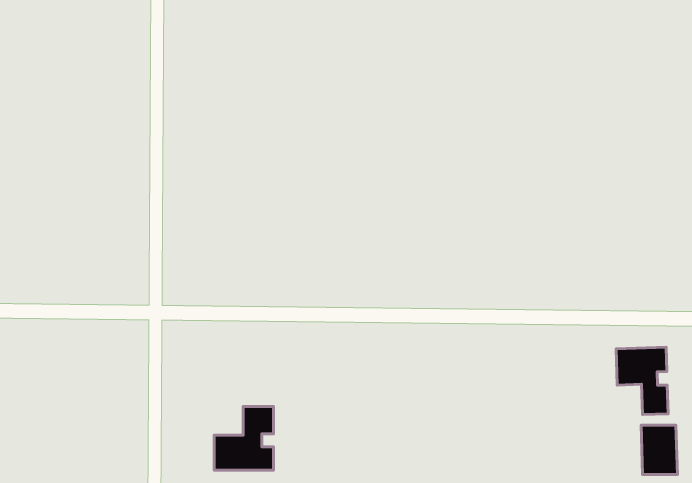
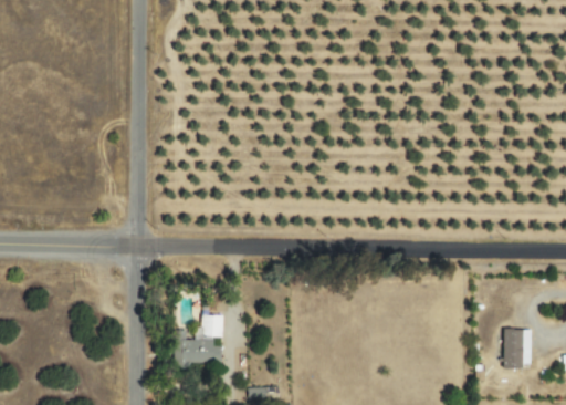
building: [616,347,668,415] -> none

